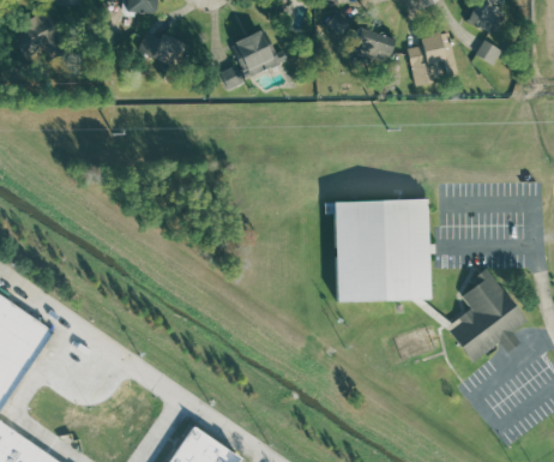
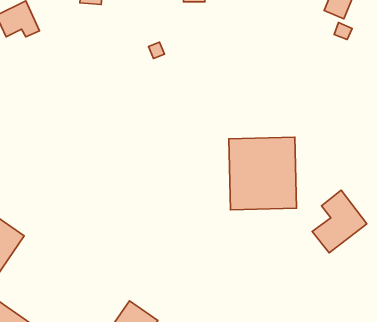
building: [349,24,395,62] -> none
building: [138,26,187,66] -> none
building: [230,29,287,77] -> none
building: [409,30,456,83] -> none

